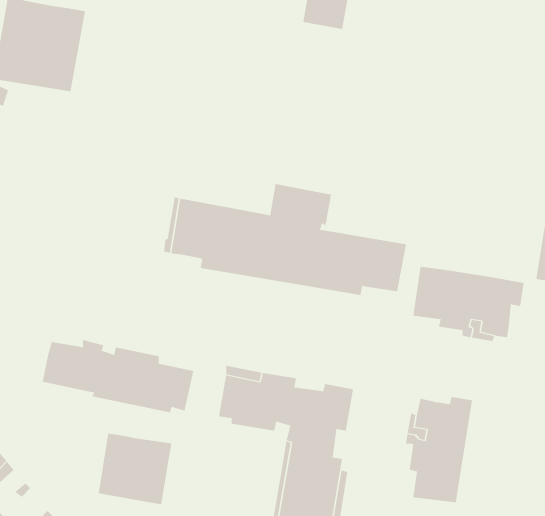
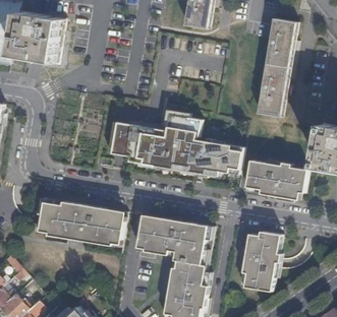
building: none -> [258,18,296,116]
building: [98,433,172,505] -> none

